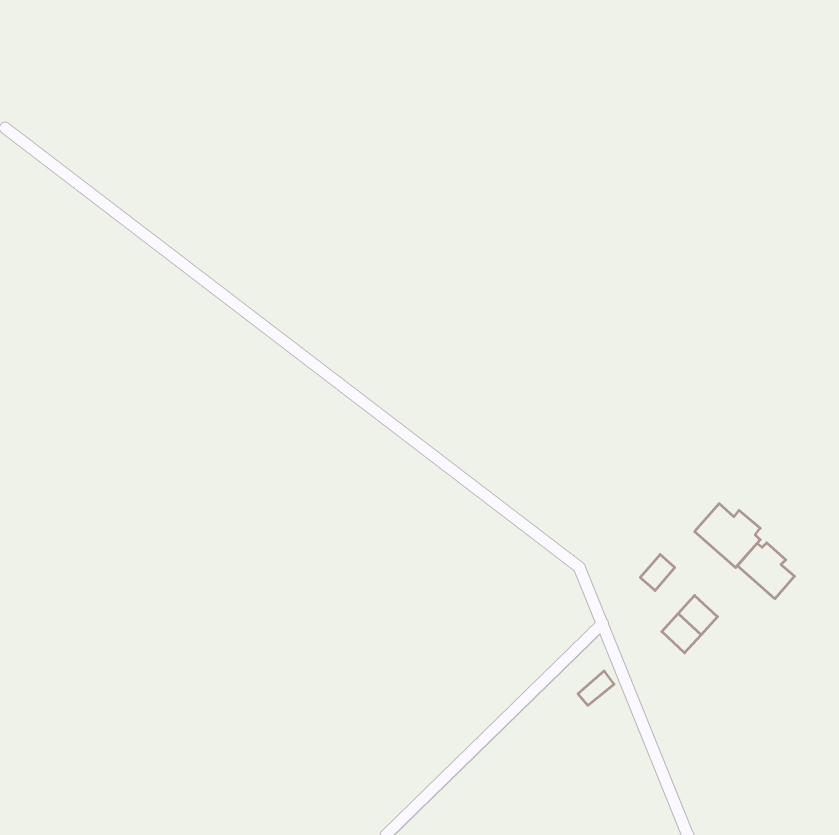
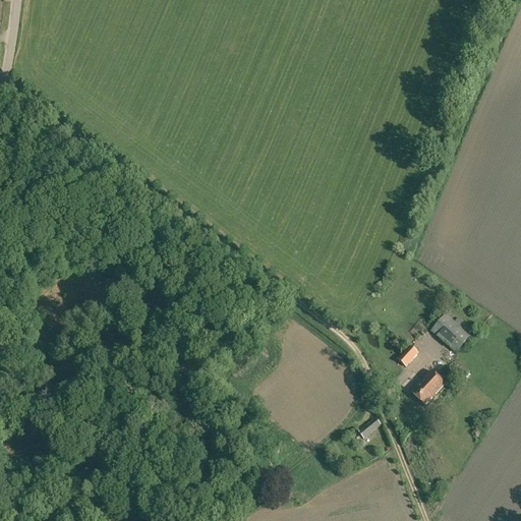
building: [737,543,795,599] -> none

